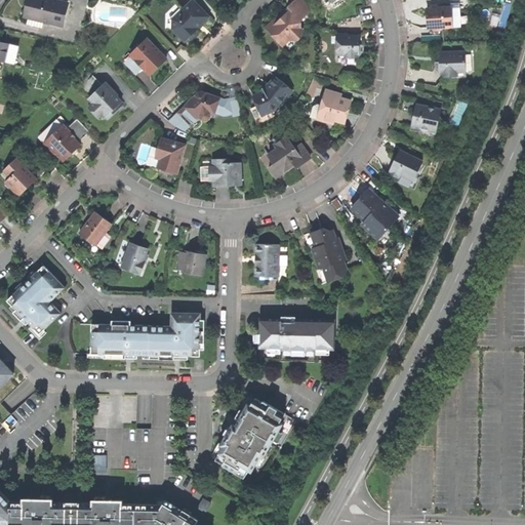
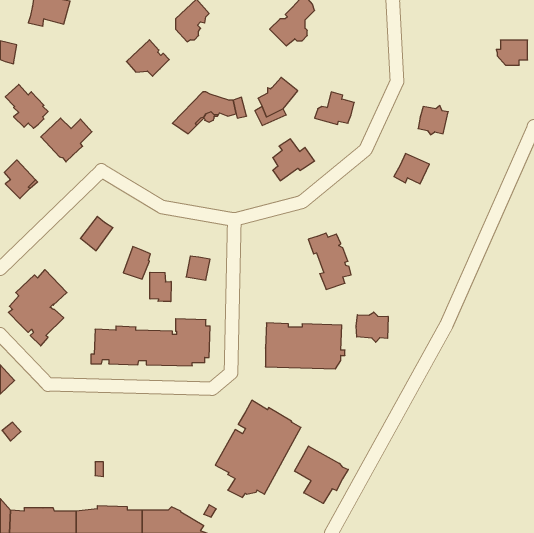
building: [427,6,459,29] -> none
building: [335,33,361,65] -> none
building: [434,52,465,77] -> [496,40,528,65]
building: [80,74,122,117] -> [5,84,48,128]
building: [155,137,186,173] -> none
building: [201,159,241,186] -> none
building: [351,191,398,238] -> none
building: [254,243,280,277] -> none
building: none -> [150,272,171,302]
building: none -> [356,312,388,342]
building: none -> [295,446,348,503]

